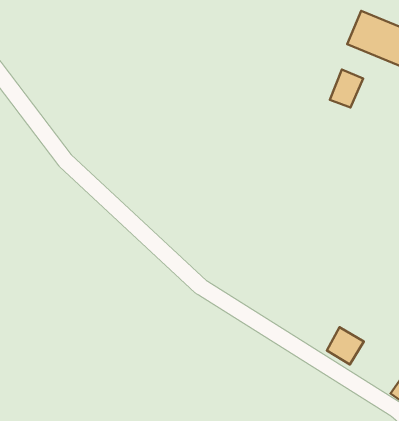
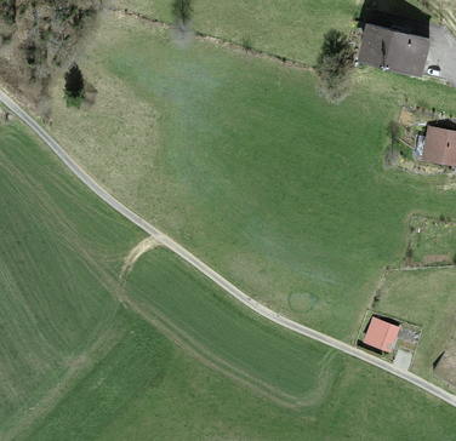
building: [330,70,363,108] -> none

